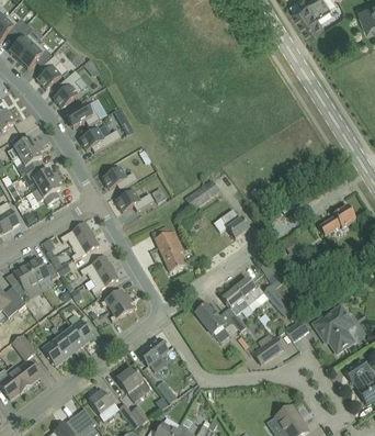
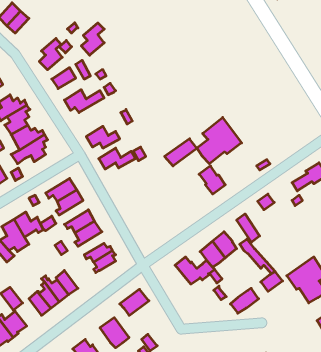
building: [36,54,60,88] -> [81,23,104,55]
building: none -> [197,117,242,164]
building: [151,224,184,270] -> none

